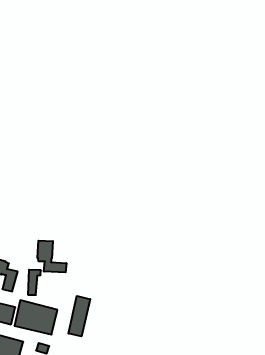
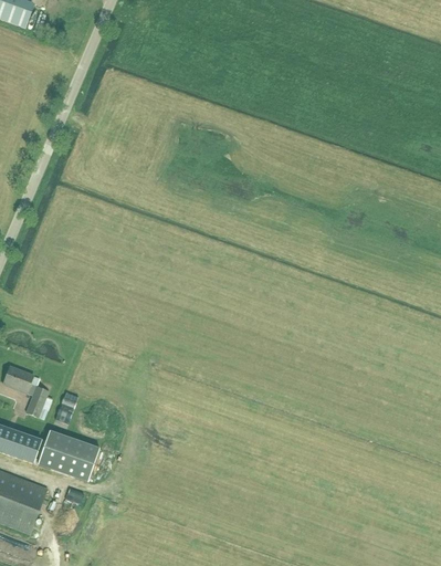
building: [37,241,66,272] -> none
building: [68,296,90,336] -> none

